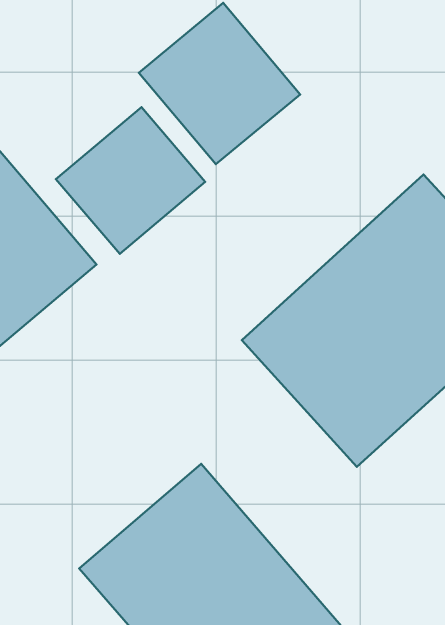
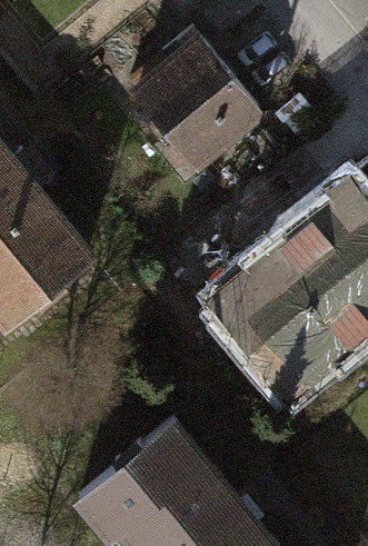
building: [56,107,205,254] -> none

